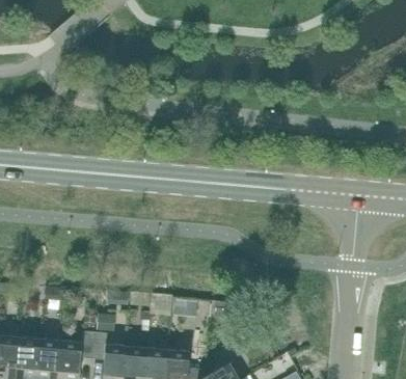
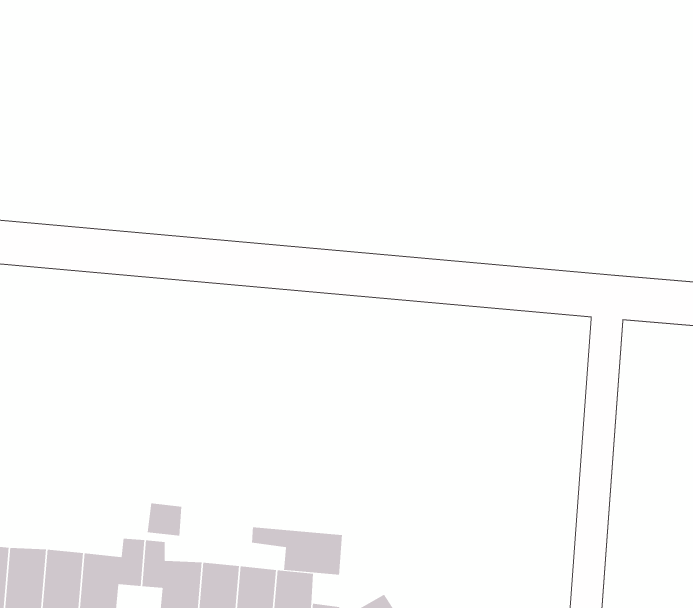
building: none -> [252,527,343,575]

